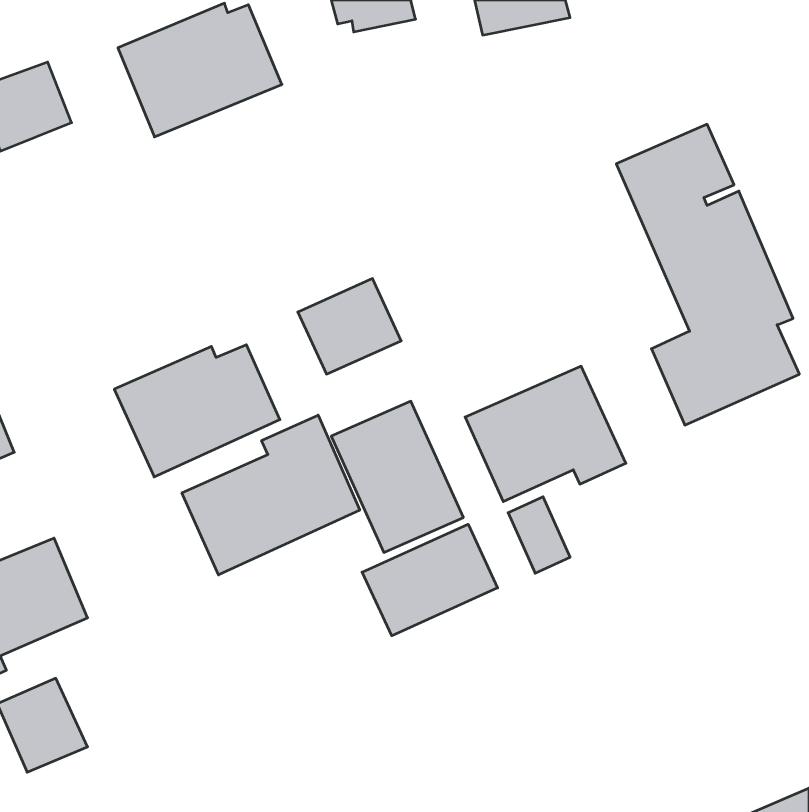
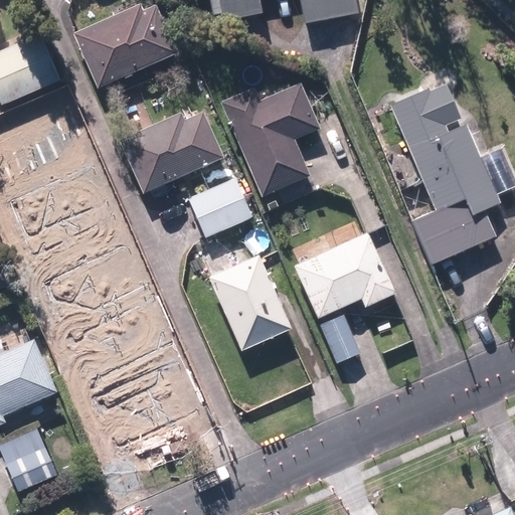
building: none -> [220,83,321,196]
building: [114,345,280,477] -> [121,111,225,194]
building: [182,415,360,575] -> none
building: [362,524,498,636] -> none

